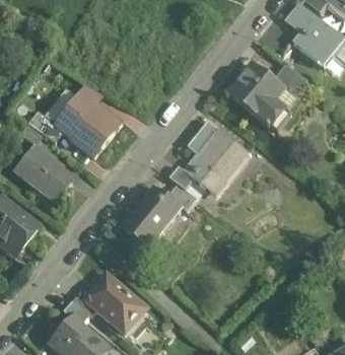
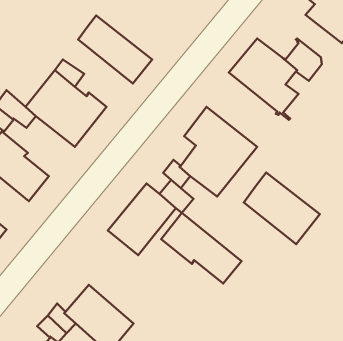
building: none -> [78,16,152,84]
building: none -> [244,173,320,244]
building: none -> [161,213,241,284]

